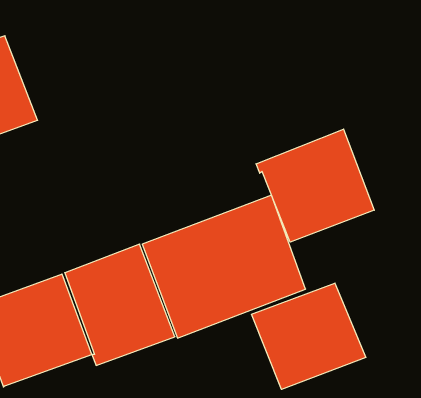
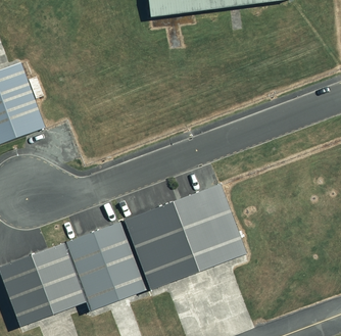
building: [256,129,374,242] -> none
building: [251,283,366,389] -> none

